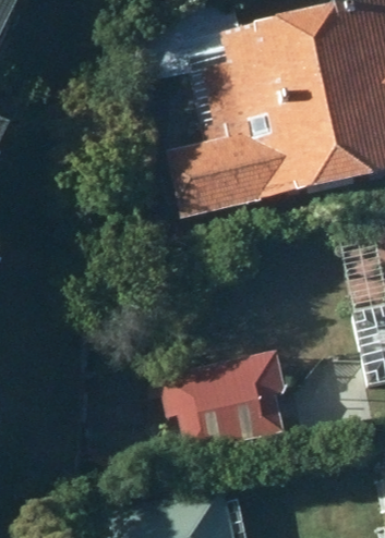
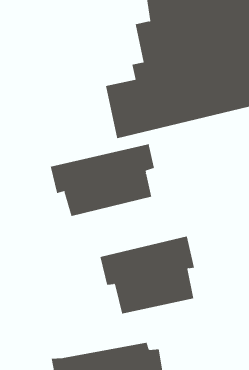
building: none -> [50,143,155,217]

